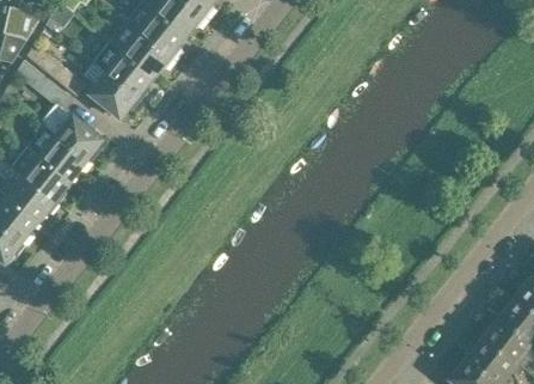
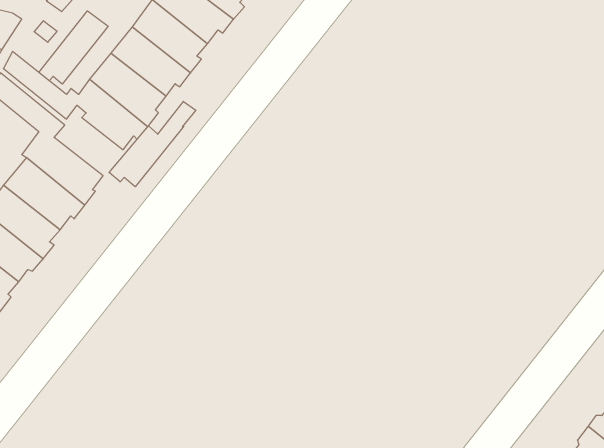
building: none -> [39,11,108,84]
building: none -> [109,101,196,187]

